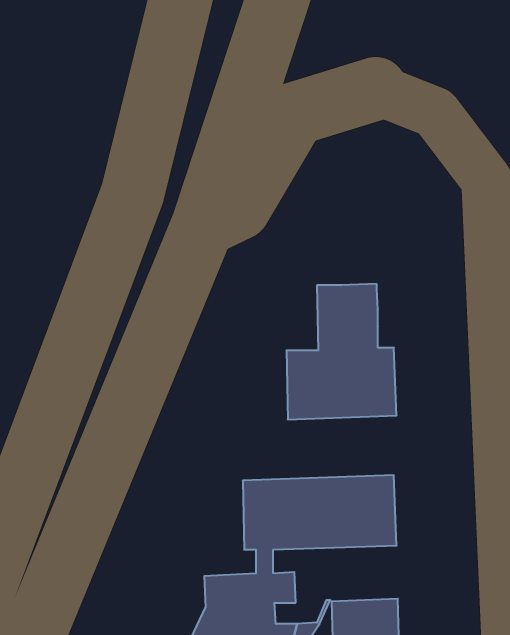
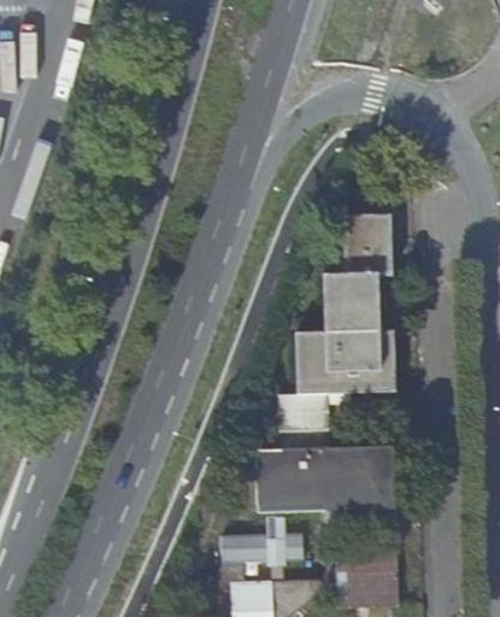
building: none -> [342,213,392,276]

